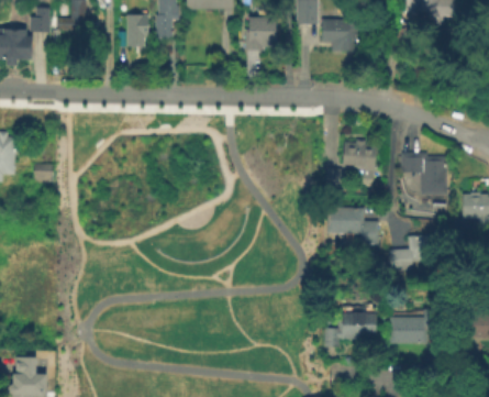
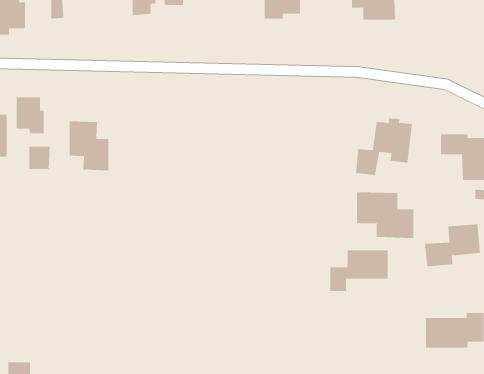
building: none -> [16,97,44,134]
building: none -> [69,121,109,171]
building: [323,312,376,350] -> [329,250,389,292]

